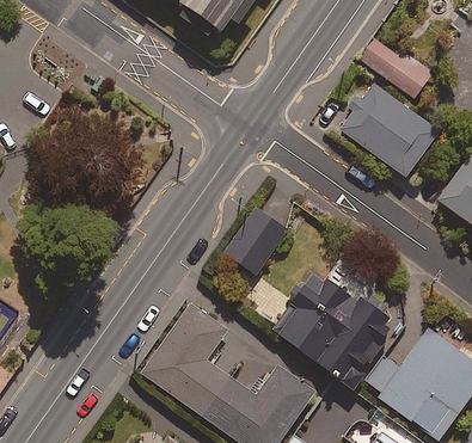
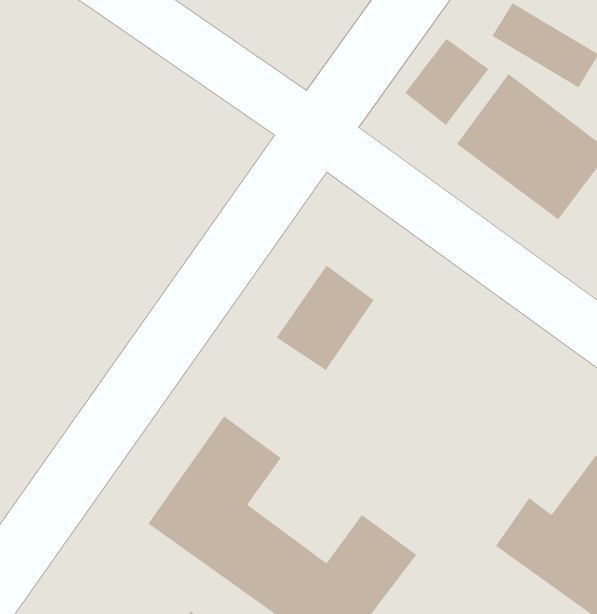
building: none -> [404,38,489,126]
building: [270,270,397,390] -> none

